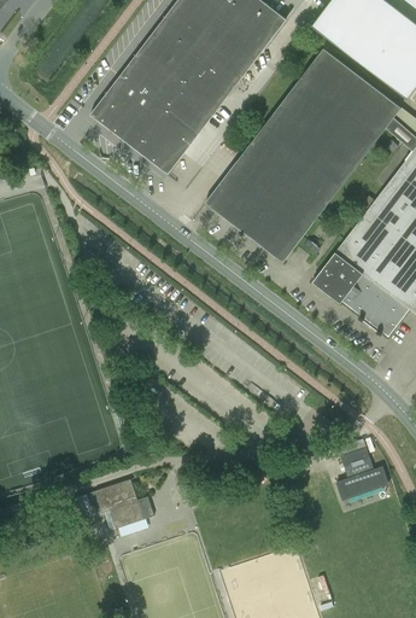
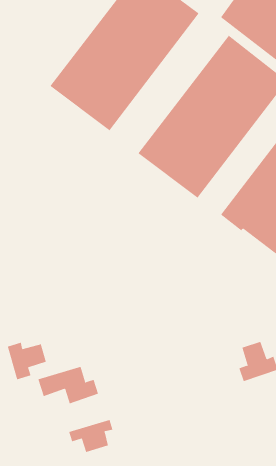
building: none -> [7,342,47,380]
building: none -> [69,419,113,453]

